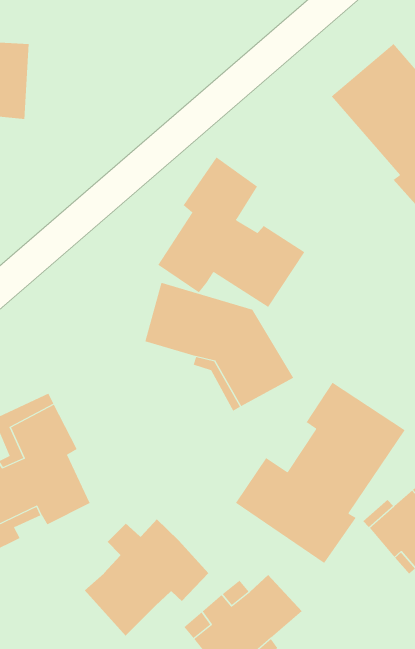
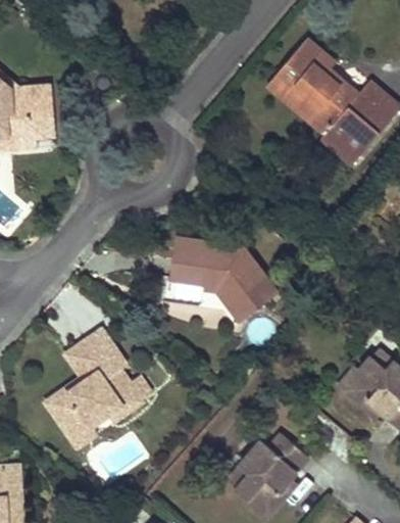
building: [158,156,305,308] -> none
building: [235,382,405,564] -> none
building: [84,519,209,637] -> none

